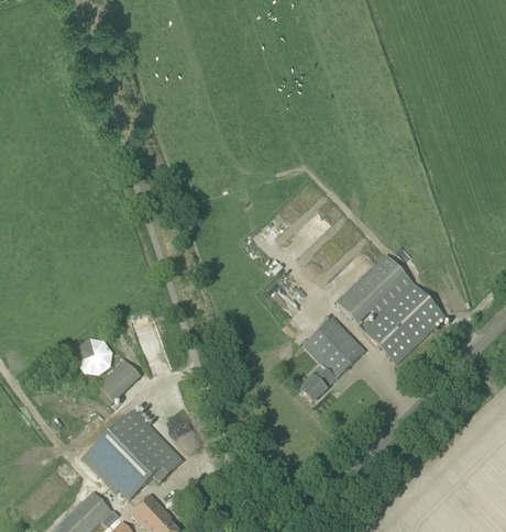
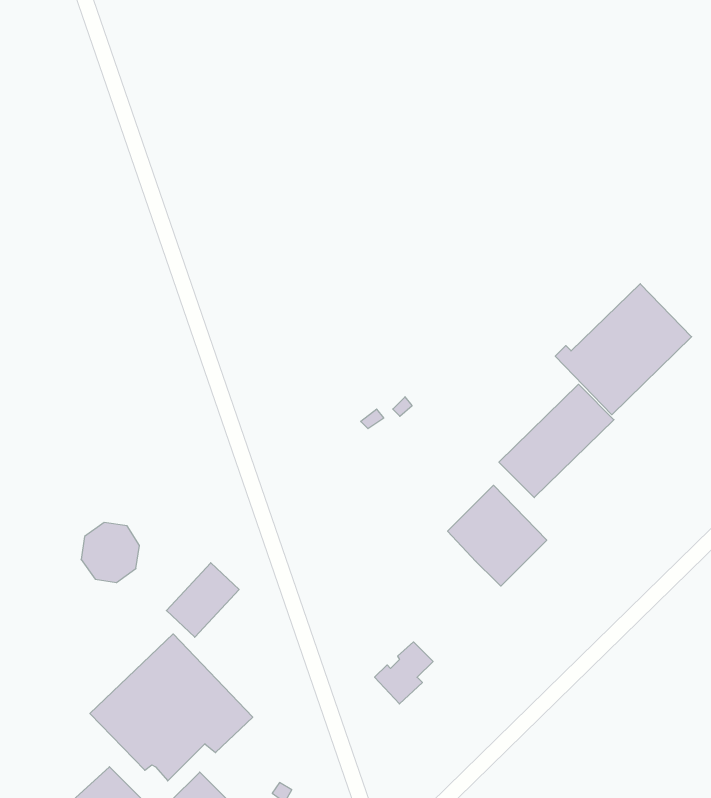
building: [362,282,447,364] -> [555,284,692,415]
building: [95,357,140,403] -> [166,563,239,637]
building: [298,364,334,402] -> [375,642,433,704]

